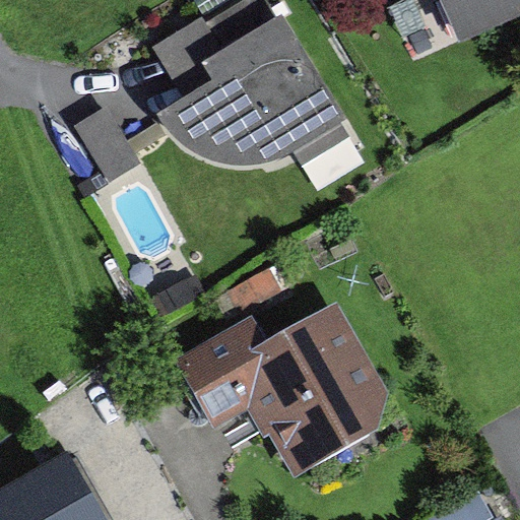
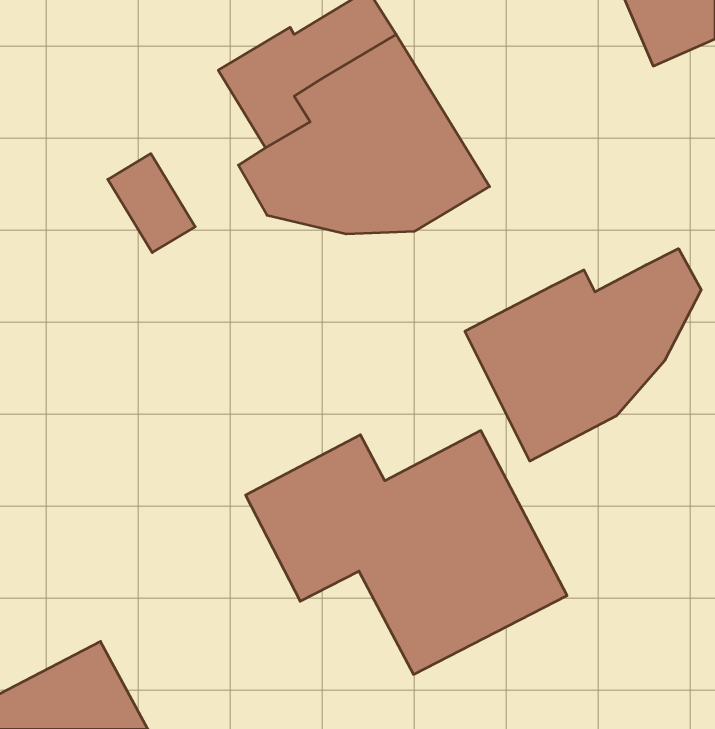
building: none -> [465,249,701,461]

